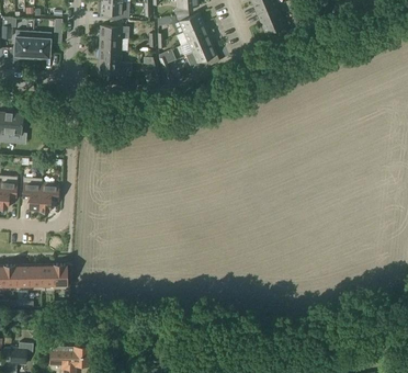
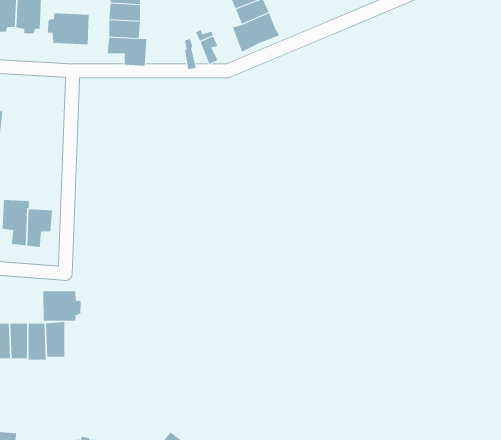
building: none -> [47,12,89,45]
building: none -> [43,290,81,322]

